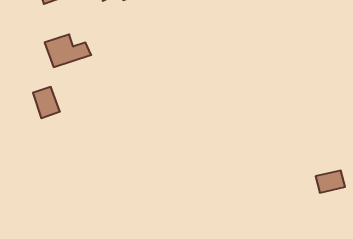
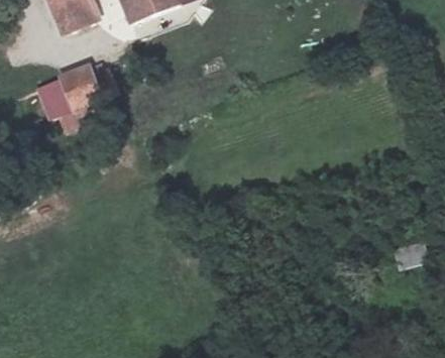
building: [33,87,60,118] -> [39,87,73,125]

